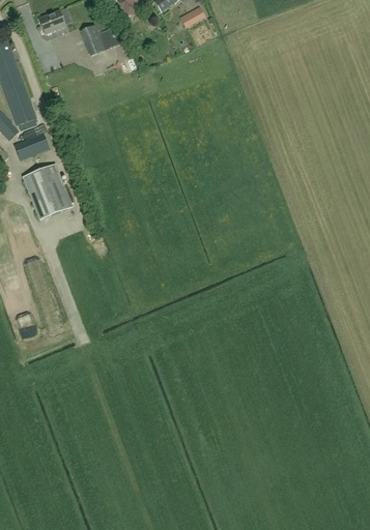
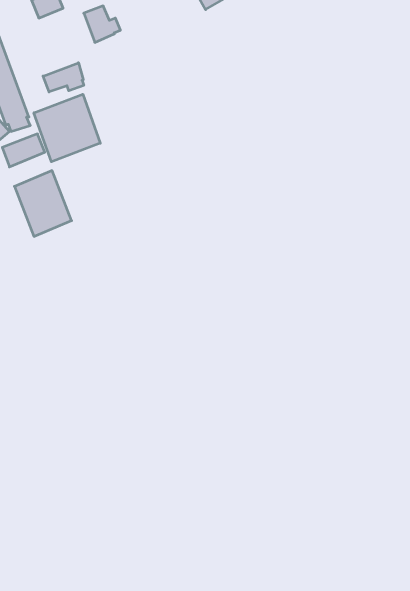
building: none -> [43,63,84,92]
building: none -> [34,94,100,162]

